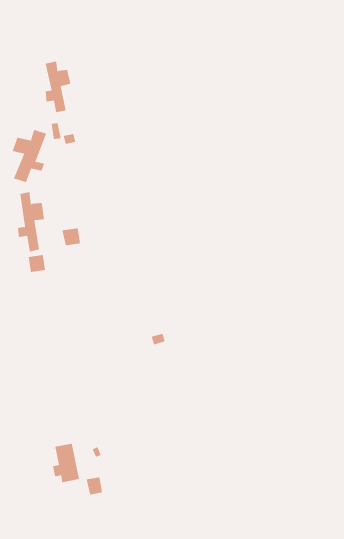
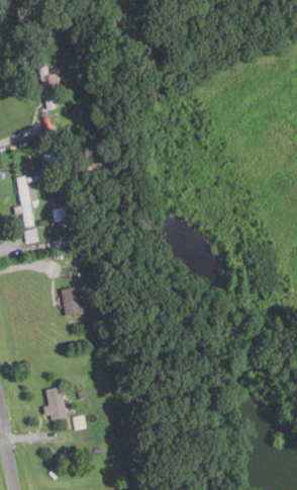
building: [12,129,47,183] -> none
building: none -> [63,285,84,313]

